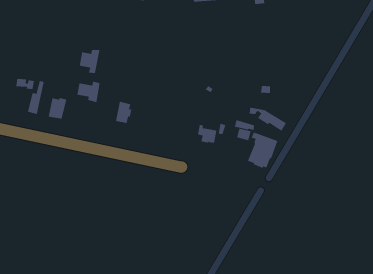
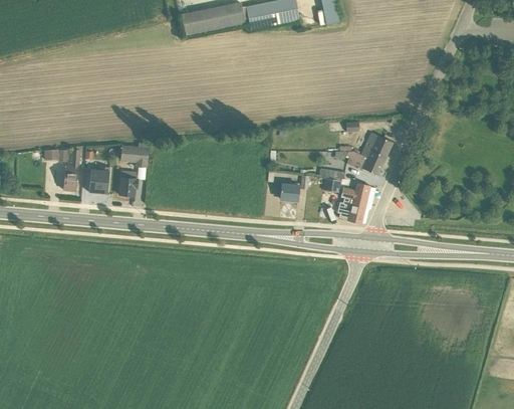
building: [79,49,100,74] -> none
building: none -> [359,132,393,165]
building: [115,101,132,123] -> [118,170,138,196]

